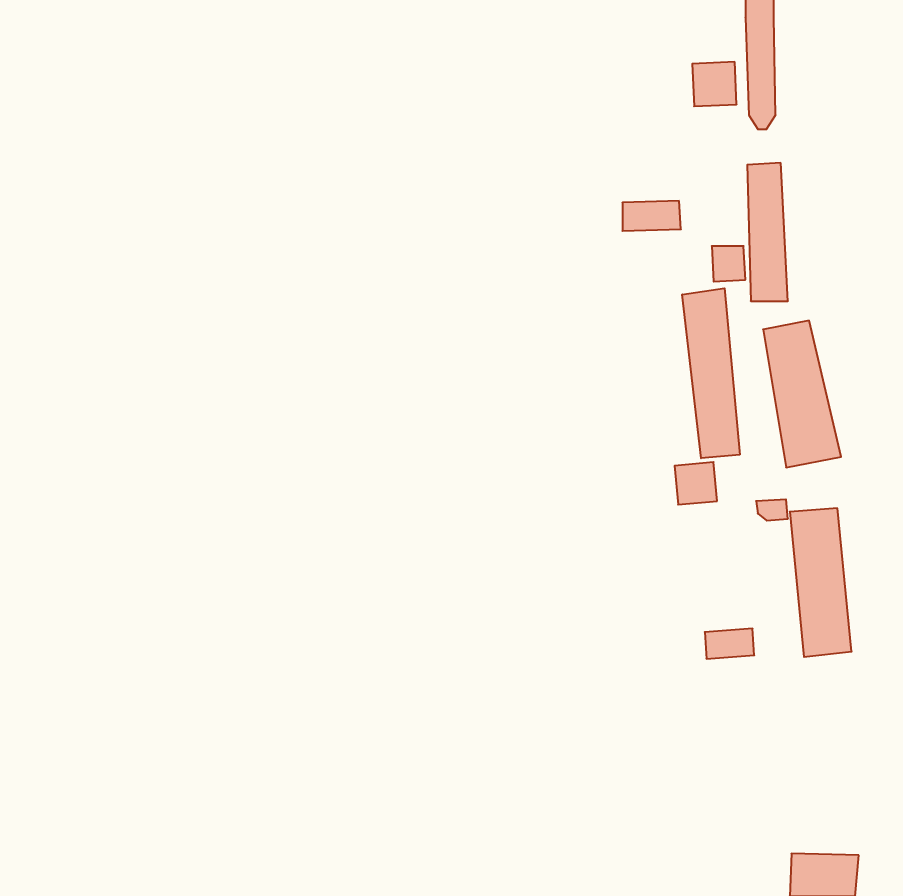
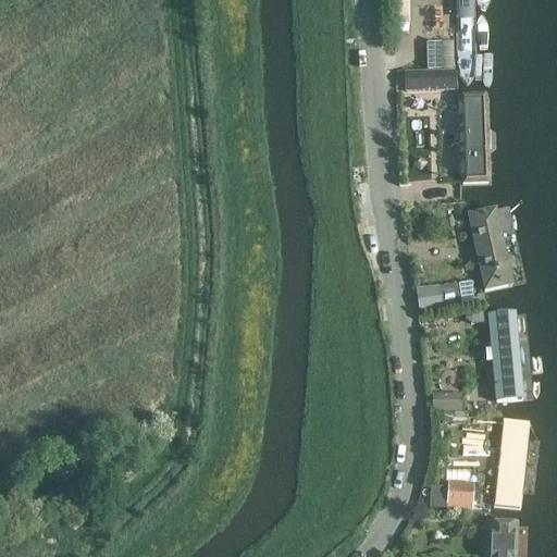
building: [622,201,681,231] -> [407,69,443,87]
building: [682,288,740,458] -> none
building: none -> [494,425,537,495]
building: none -> [430,479,474,509]

